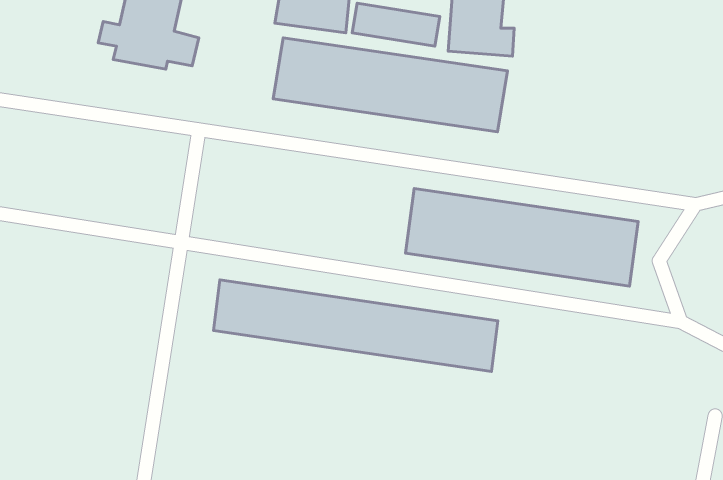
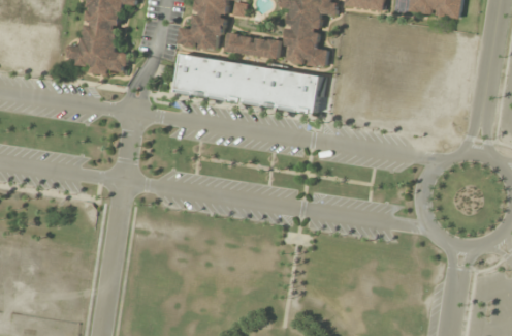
building: [406,189,638,286] -> none
building: [213,280,498,372] -> none

